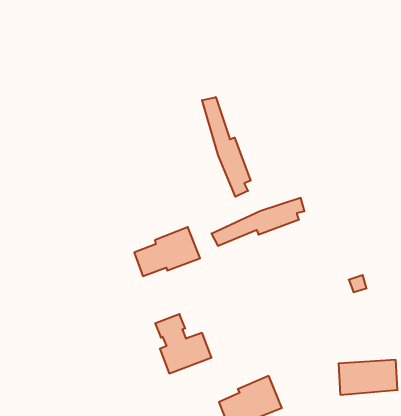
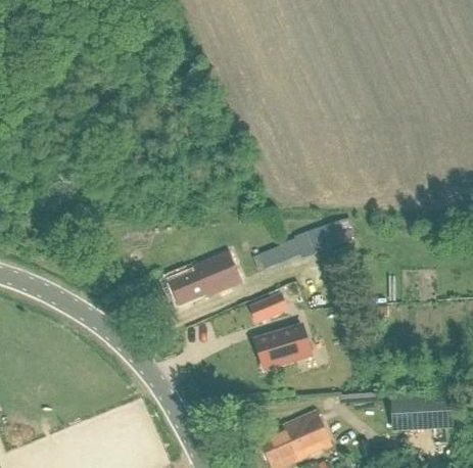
building: [202,97,251,197] -> none
building: [155,314,212,373] -> [248,306,310,370]

